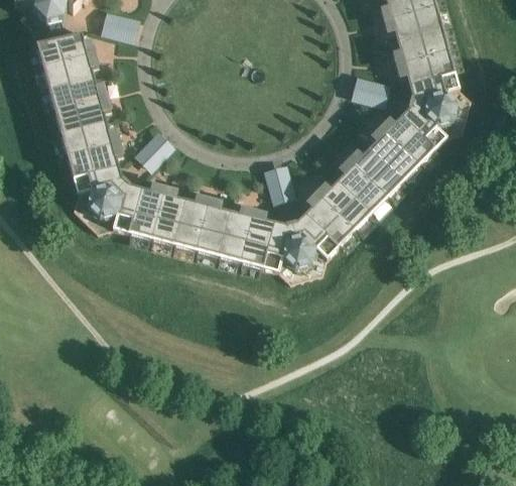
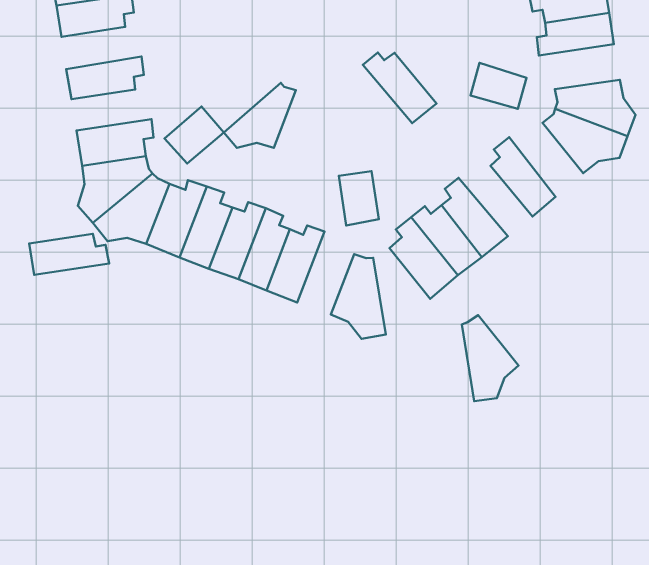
building: [394,49,455,87] -> none
building: [47,76,107,111] -> none
building: none -> [224,83,296,148]
building: [379,112,435,164] -> none
building: [59,120,119,154] -> [29,234,109,275]
building: [346,147,402,197] -> [363,53,436,123]
building: [239,208,276,267] -> none
building: [290,215,335,277] -> [462,315,519,401]

